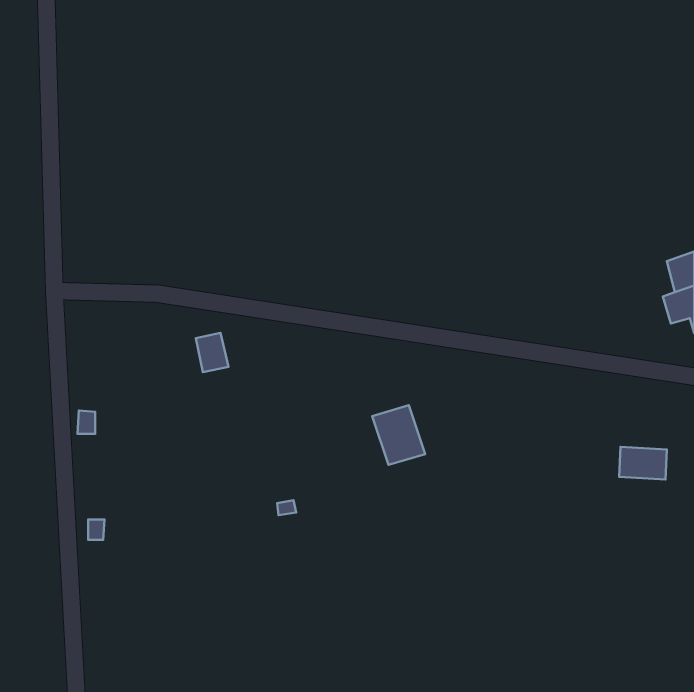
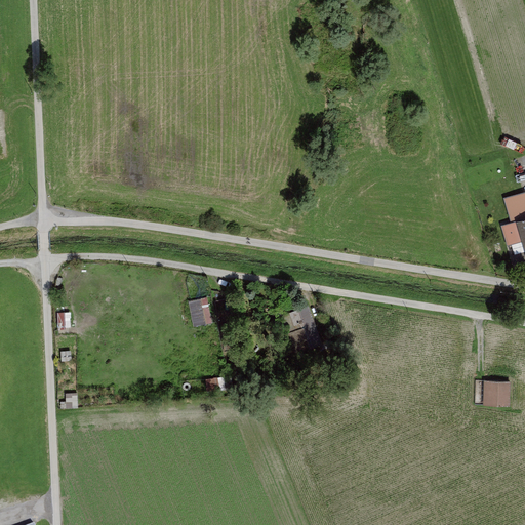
building: [196,333,228,372] -> [190,297,214,327]
building: [619,447,667,479] -> [475,381,511,406]

